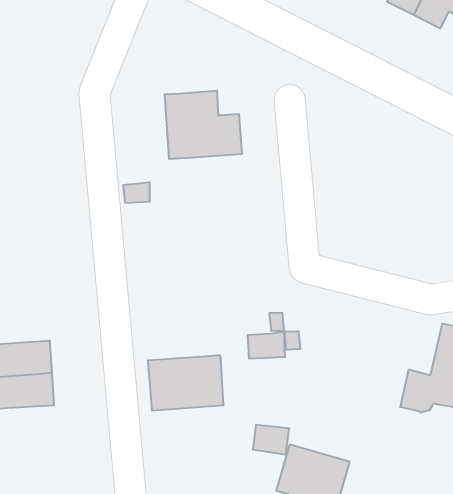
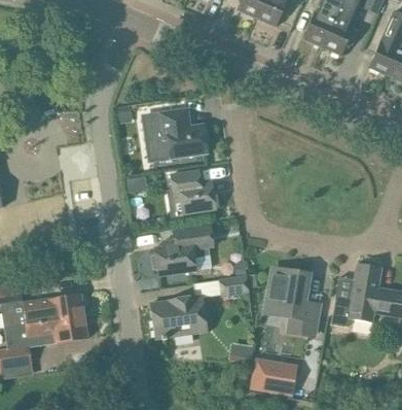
building: none -> [167,171,216,218]
building: none -> [152,224,215,276]
building: none -> [265,270,319,334]

